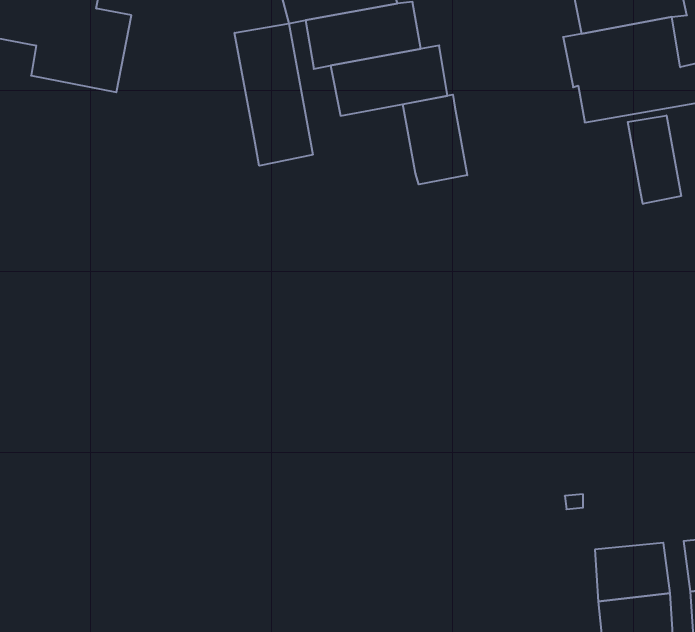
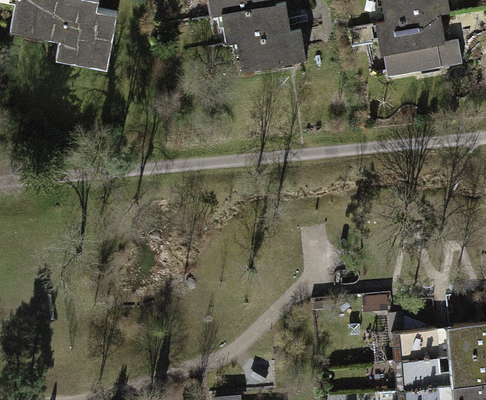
building: [235,24,313,166] -> none
building: [403,95,467,184] -> none
building: [628,115,681,204] -> none

